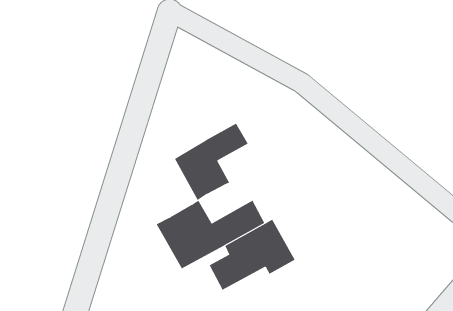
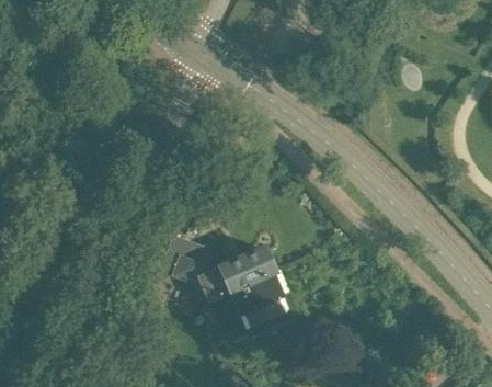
building: [174,123,248,201] -> none

